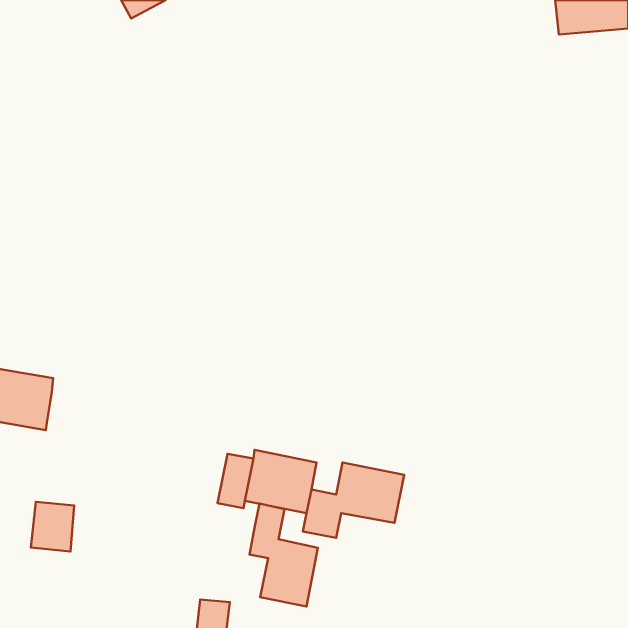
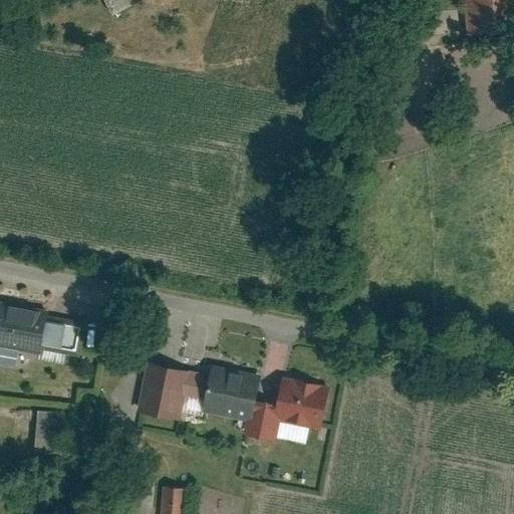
building: none -> [38,321,80,352]
building: none -> [135,363,185,418]
building: [249,504,318,606] -> none

